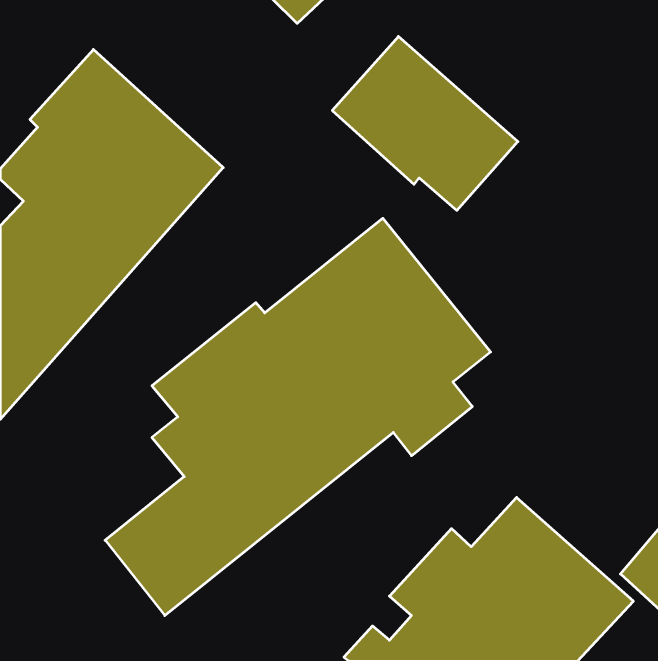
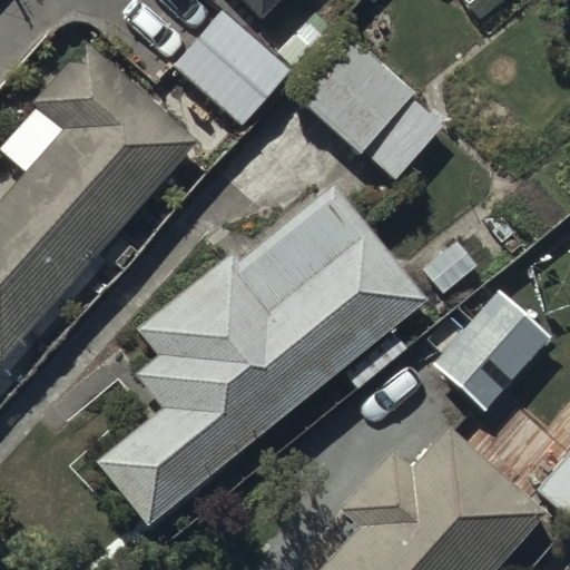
building: none -> [173,10,292,127]
building: none -> [420,289,553,414]

